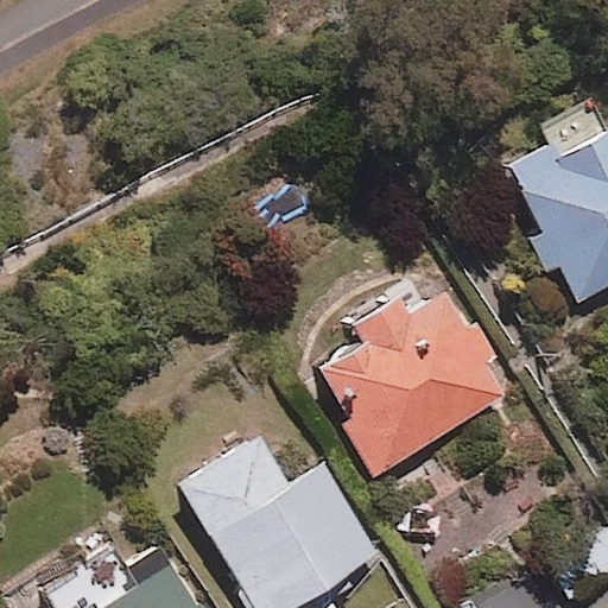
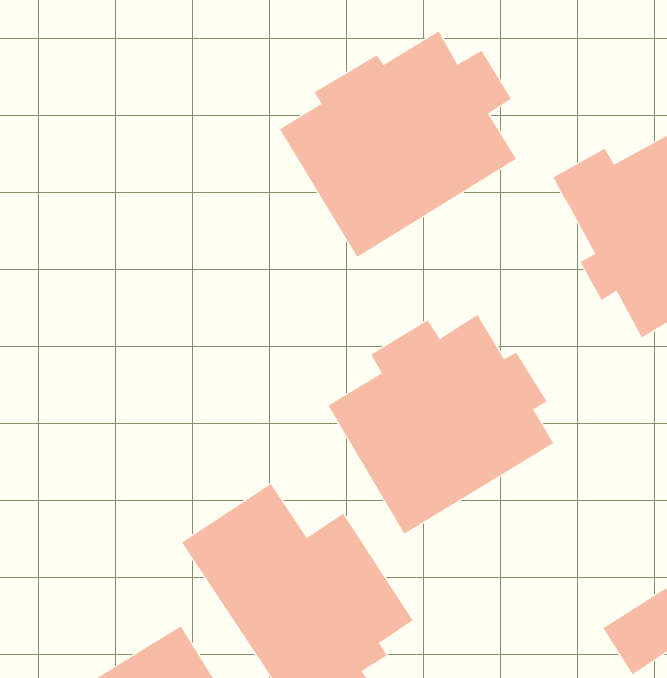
building: none -> [279,31,517,258]

